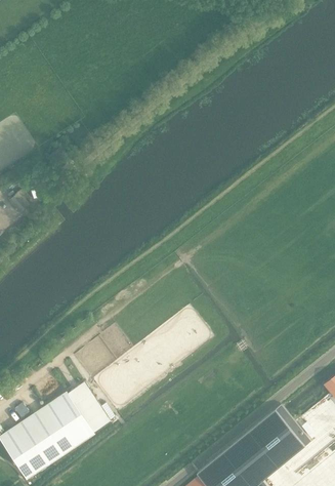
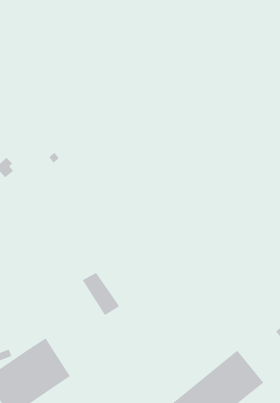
building: [67,383,109,433] -> [82,272,119,316]

